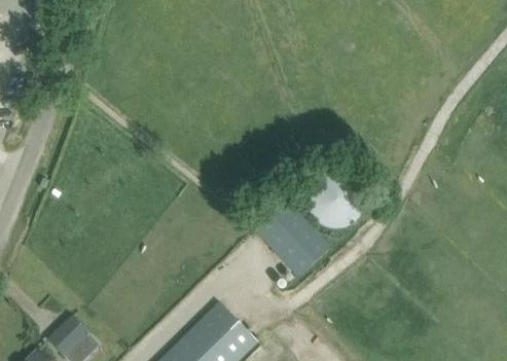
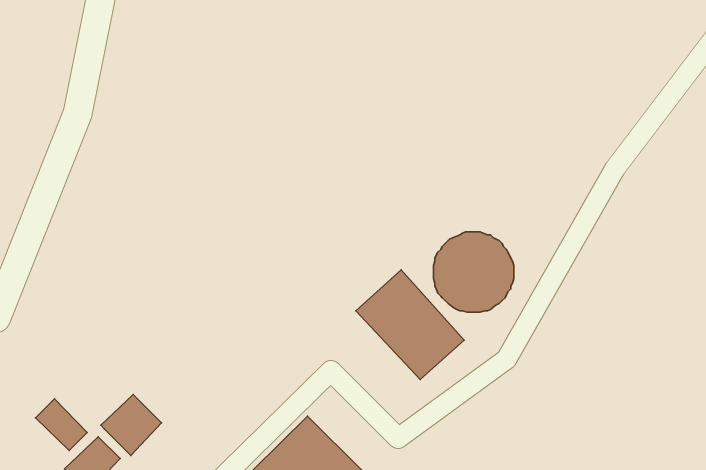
building: none -> [101,395,162,455]
building: none -> [35,399,87,450]

